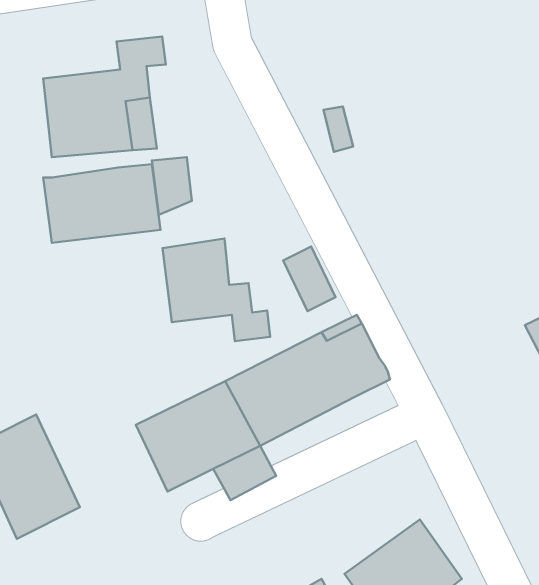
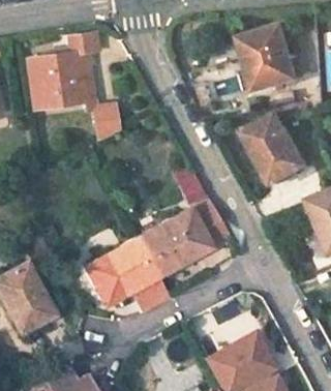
building: none -> [243,26,297,90]
building: [43,164,160,243] -> none
building: none -> [248,117,307,187]
building: [162,238,270,341] -> none

